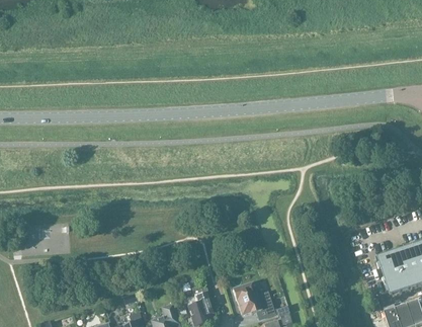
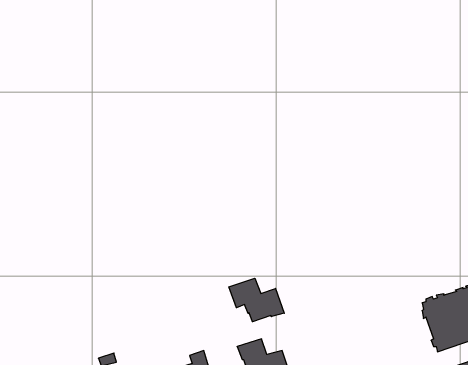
building: none -> [229,278,284,322]

